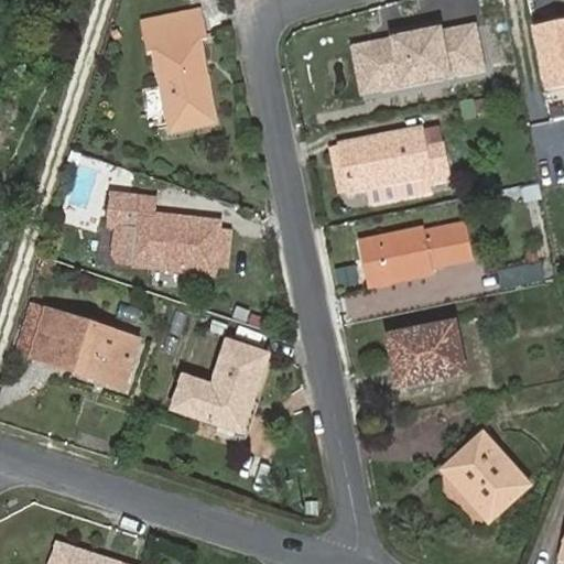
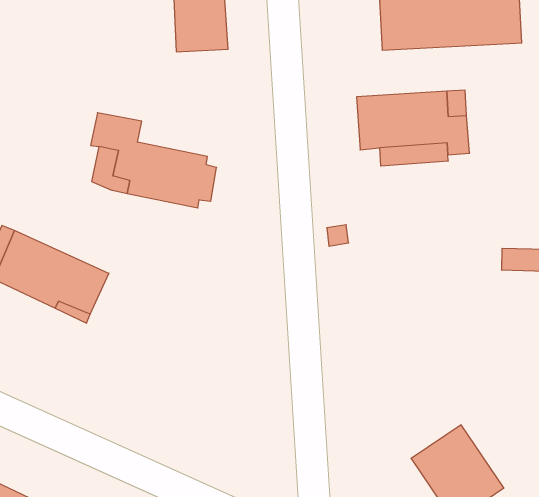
building: [359,221,469,283] -> none
building: [389,322,465,384] -> none
building: [175,335,267,425] -> none

